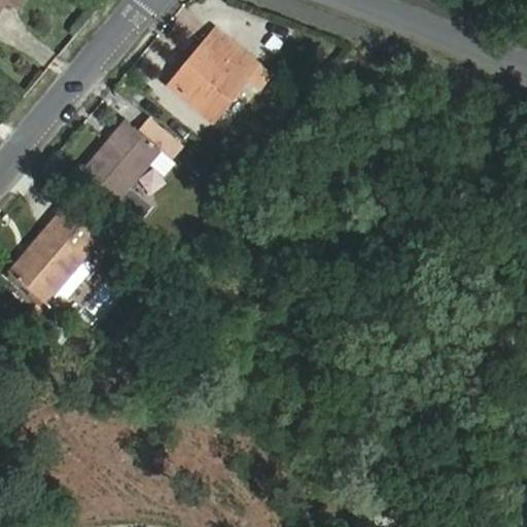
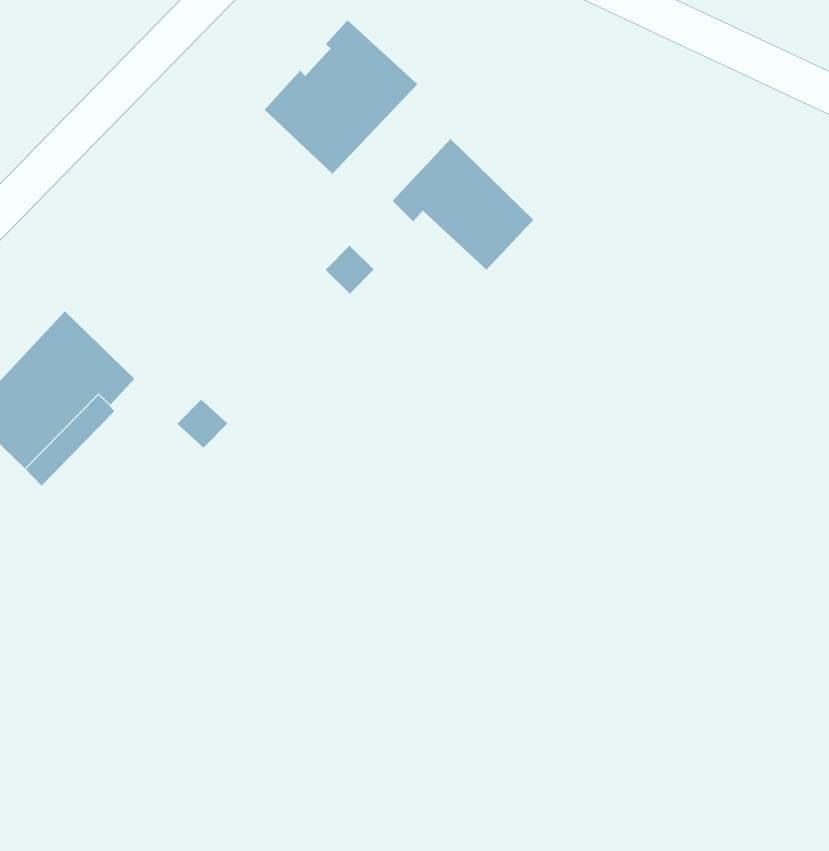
building: none -> [392,138,534,271]
building: [80,116,182,220] -> none

